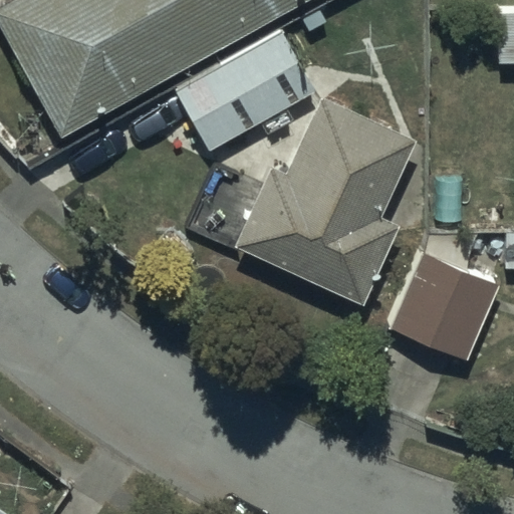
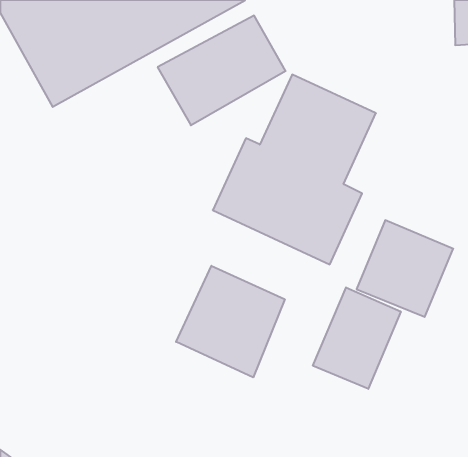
building: none -> [176,266,285,377]
building: none -> [313,287,401,389]

